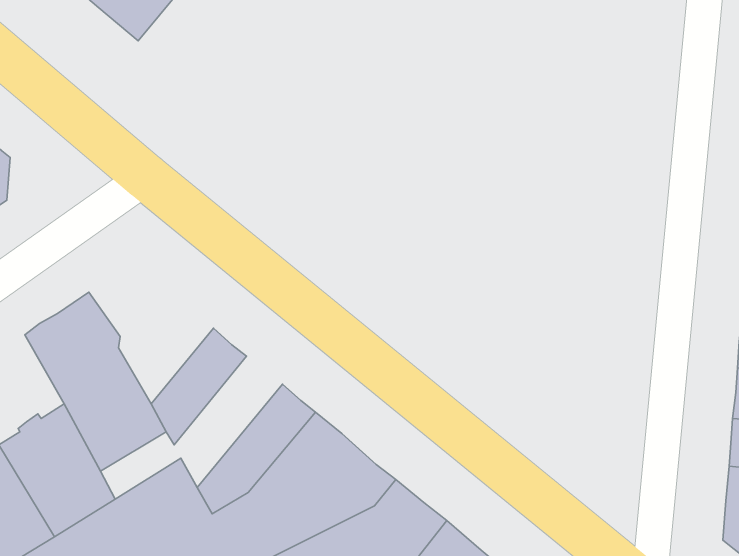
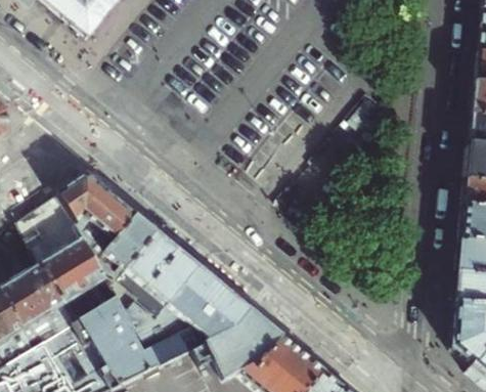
building: none -> [57,169,135,258]
building: none -> [111,228,178,310]

